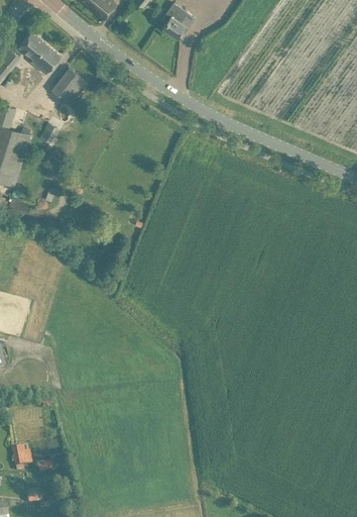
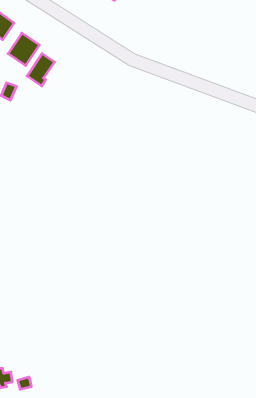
building: none -> [27,54,55,86]

